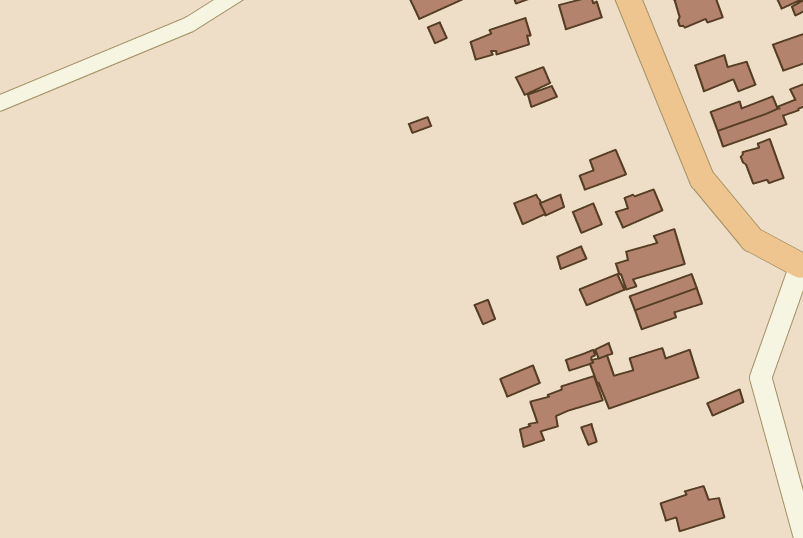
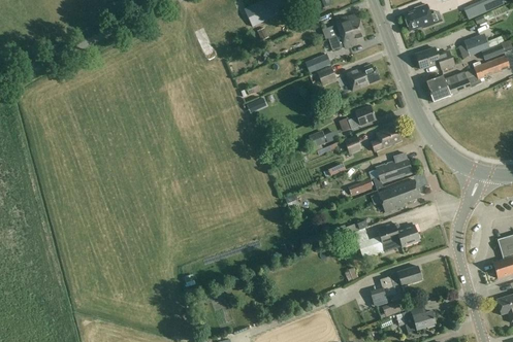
building: [470,18,531,60] -> [328,25,364,49]
building: none -> [346,64,380,89]
building: [741,139,783,184] -> none
building: [520,376,603,447] -> [373,264,422,306]

